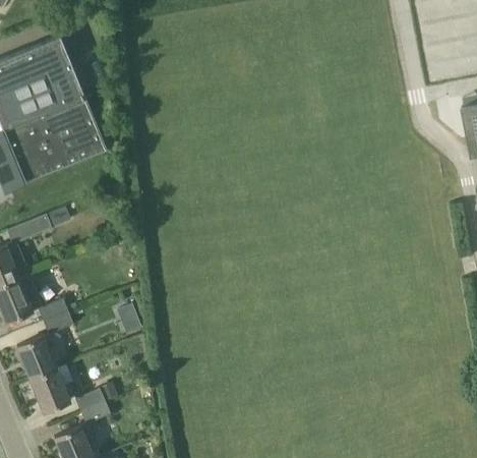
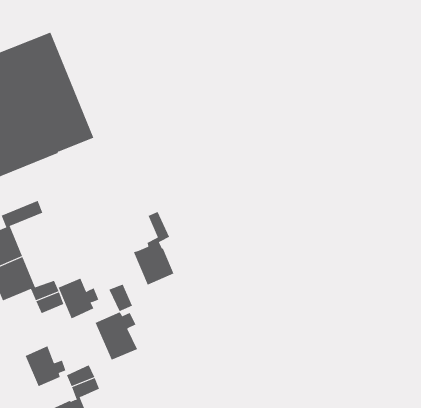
building: none -> [133,211,174,286]
building: none -> [95,312,138,361]
building: [16,337,60,381] -> [58,278,99,319]

